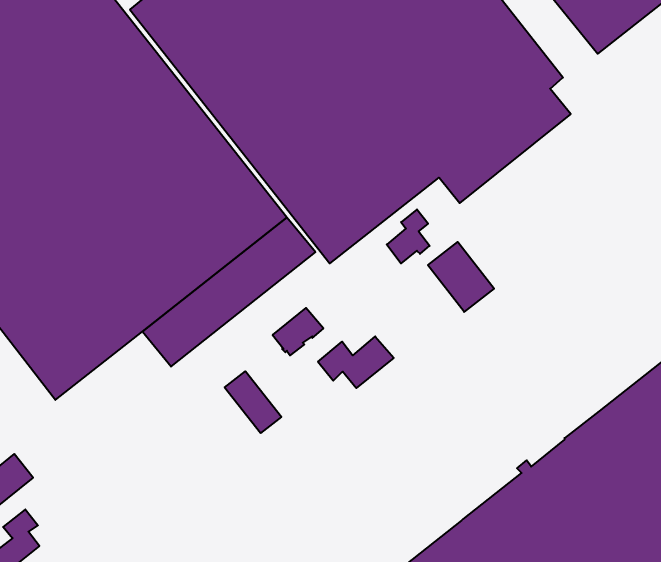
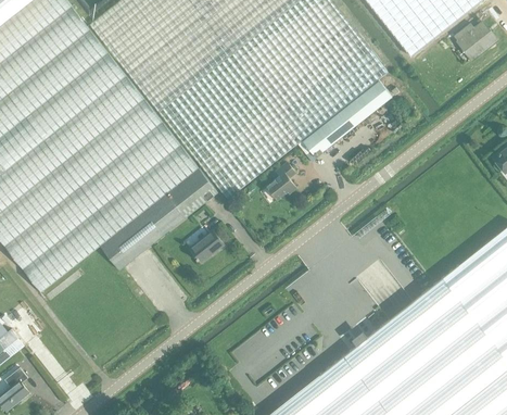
building: [428,242,494,312] -> none
building: [318,336,394,388] -> none
building: [225,371,281,433] -> none

